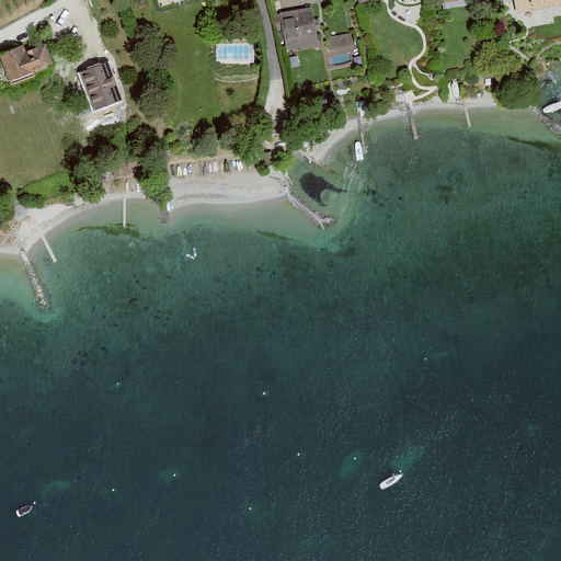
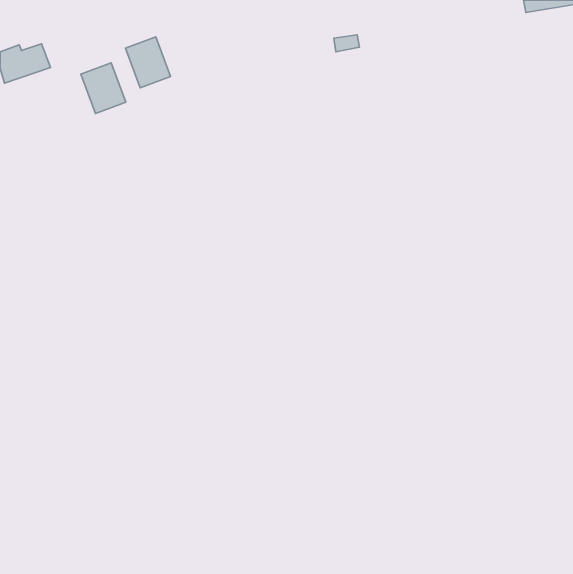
building: [278,8,318,50] -> none
building: none -> [126,37,171,88]

